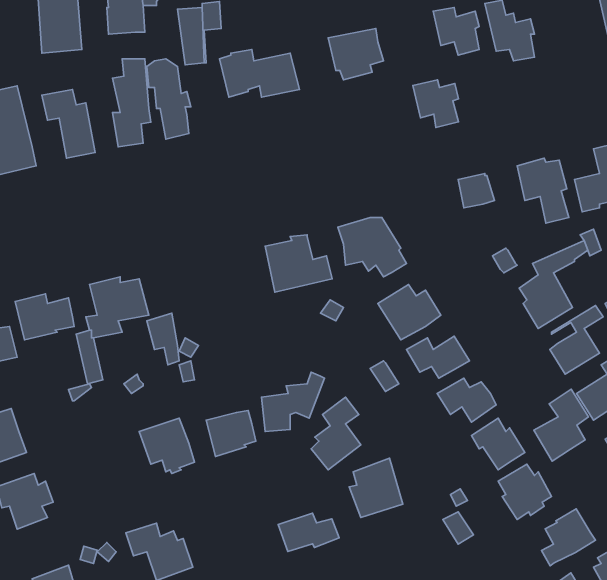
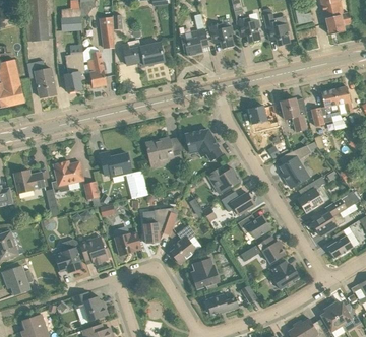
building: [413,80,459,127] -> [208,23,233,49]
building: none -> [99,151,147,198]
building: [534,389,589,461] -> none
building: none -> [54,239,81,272]
building: [542,509,596,566] -> none
building: [278,513,339,551] -> [205,293,238,314]

